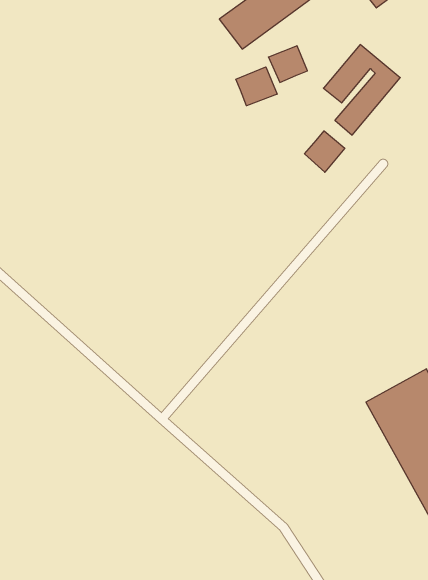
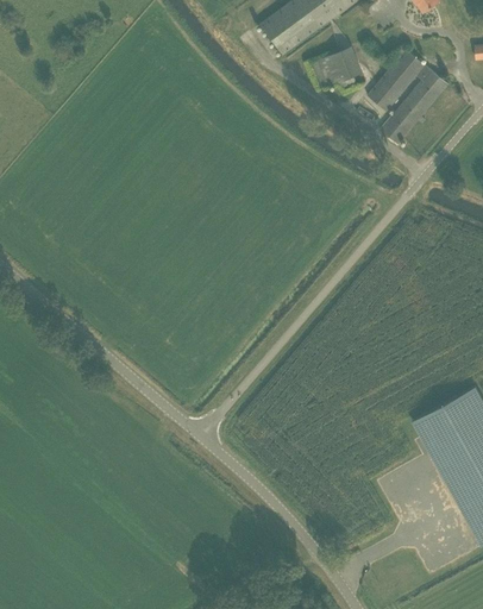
building: [236,67,277,106] -> none
building: [305,131,345,172] -> none

